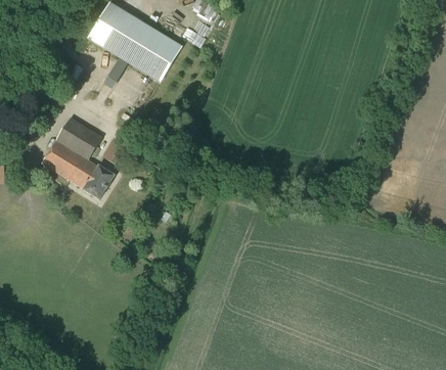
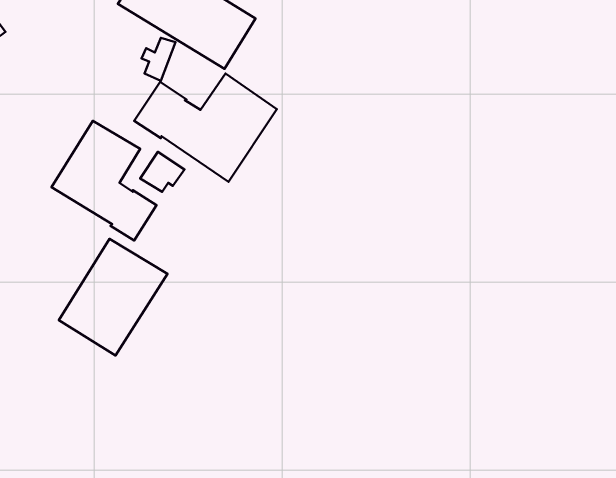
building: none -> [134,73,277,182]
building: none -> [59,239,167,356]

